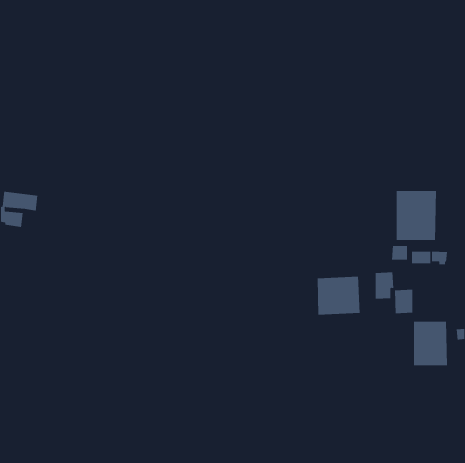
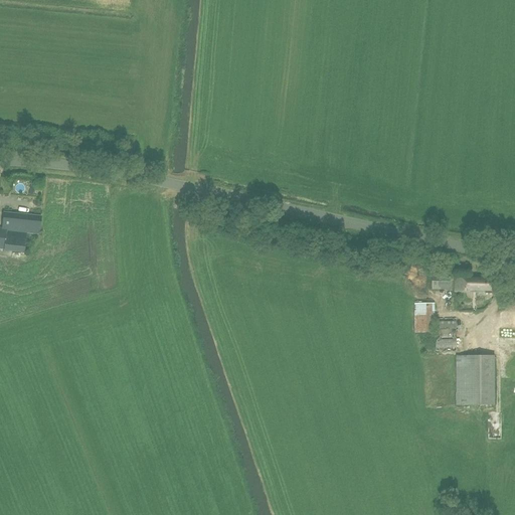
building: [396,190,437,241] -> none
building: [317,276,360,316] -> none

